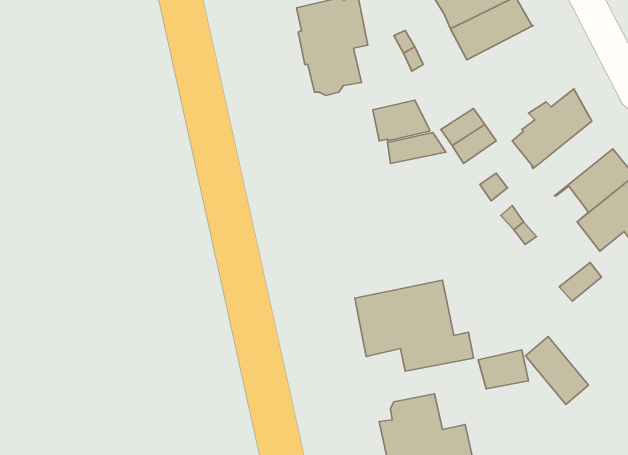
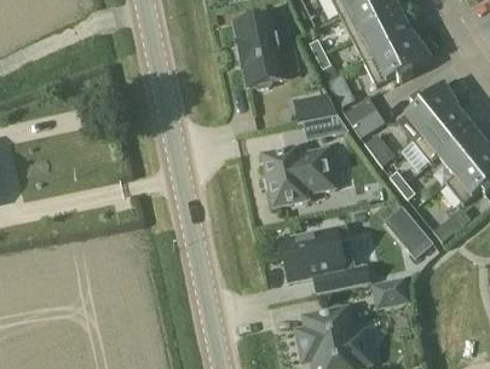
building: none -> [364,34,431,83]
building: none -> [414,105,473,161]
building: none -> [263,145,336,204]
building: [525,336,589,405] -> [386,204,433,255]

